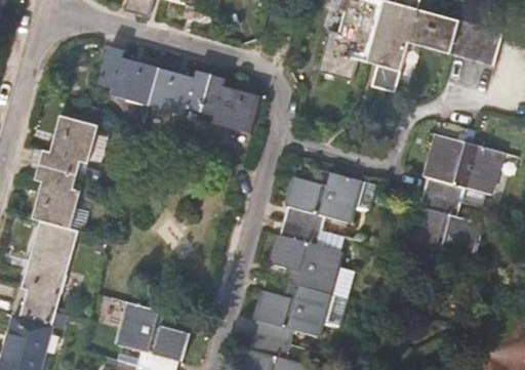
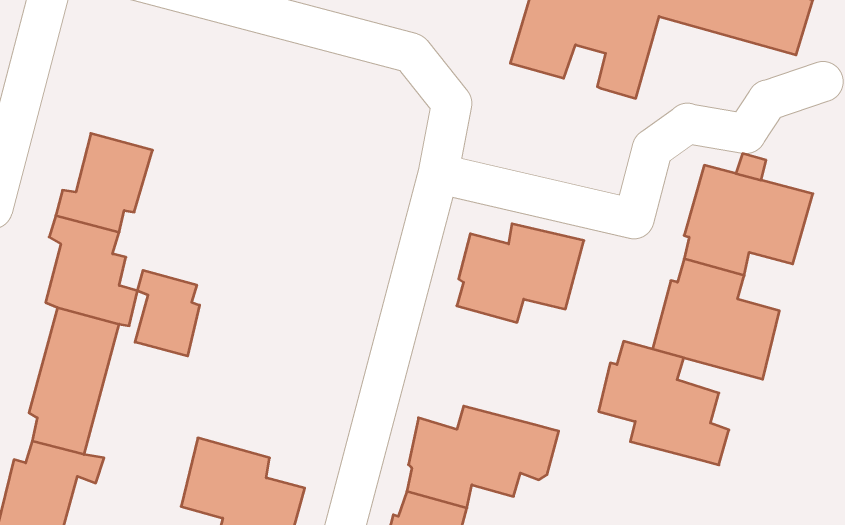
building: [98,46,260,133] -> none
building: none -> [135,270,200,356]
building: [269,220,349,296] -> [599,341,729,465]

